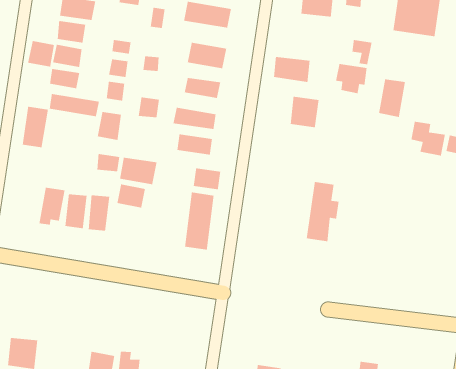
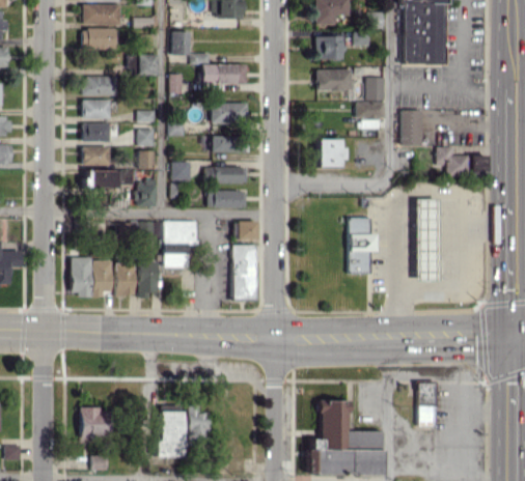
building: [27,40,55,68] -> none
building: [273,56,310,83] -> [316,68,352,90]
building: [22,106,49,148] -> [72,257,92,295]
building: none -> [417,199,437,280]

